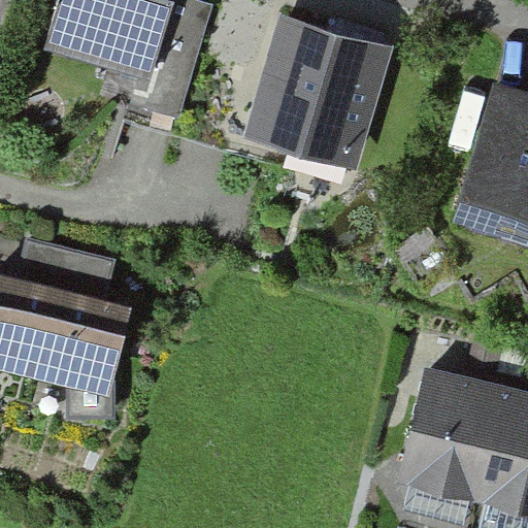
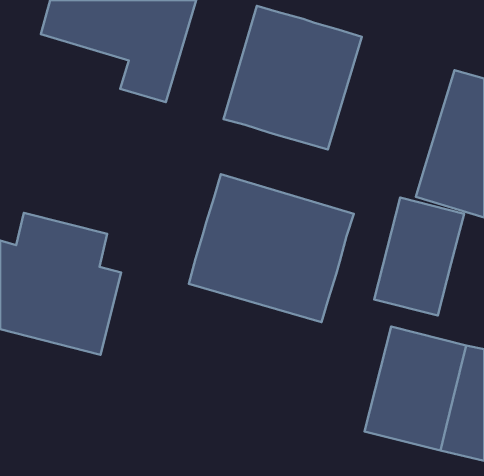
building: none -> [189,174,354,322]
building: none -> [374,197,464,316]

